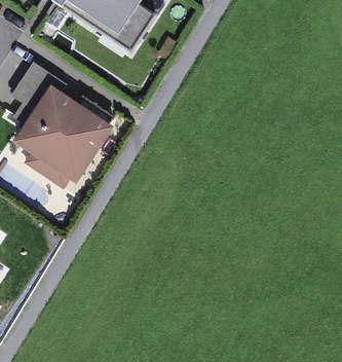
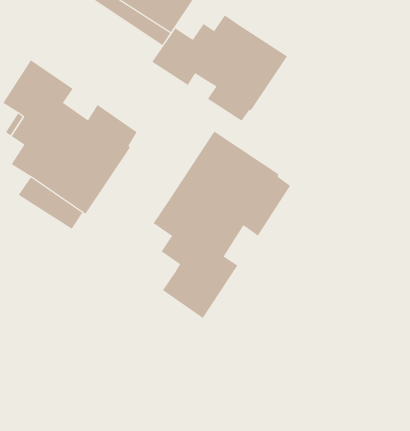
building: none -> [151,15,287,121]
building: none -> [153,131,291,319]

